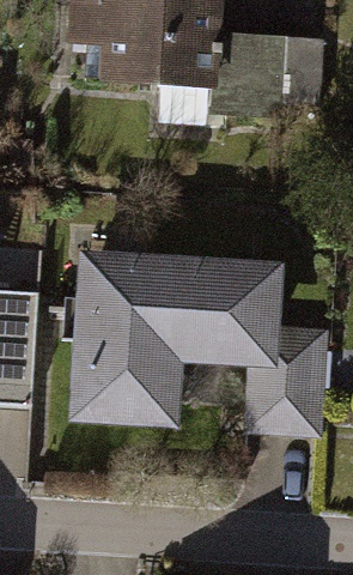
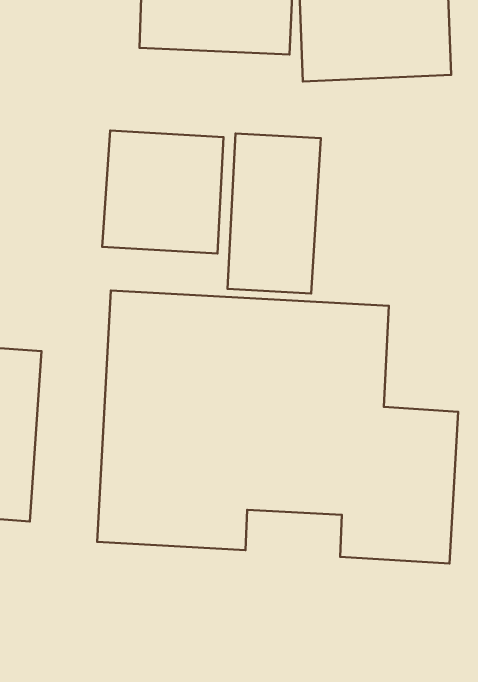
building: none -> [102,131,224,253]
building: none -> [227,133,321,293]

